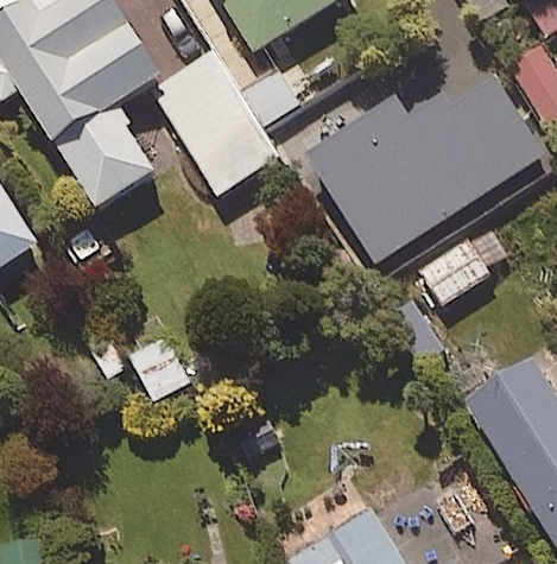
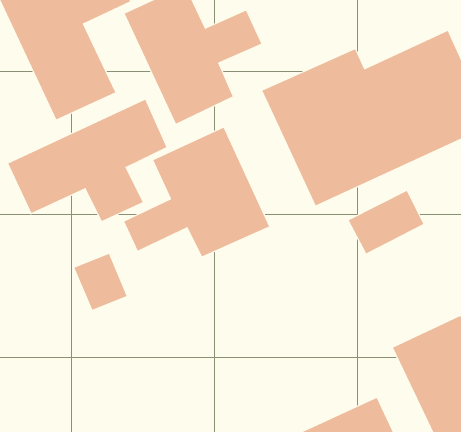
building: none -> [7,99,167,222]
building: none -> [124,127,270,257]

